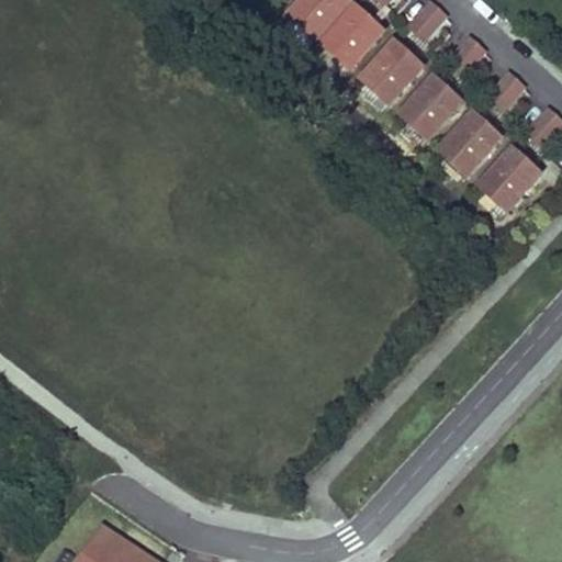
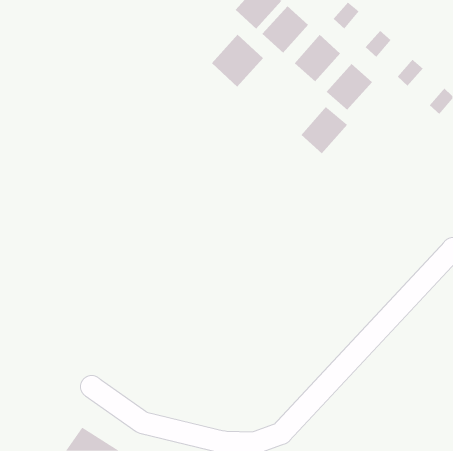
building: none -> [211,34,264,88]
building: [441,113,499,172] -> [301,106,348,154]
building: [480,148,539,207] -> none

